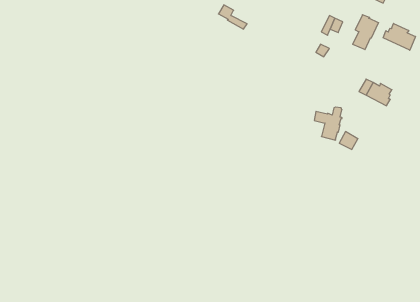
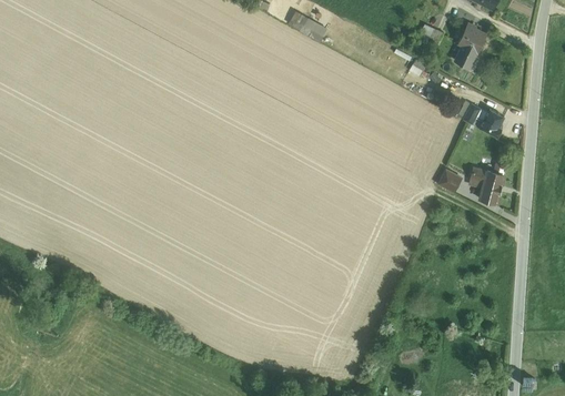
building: [383,23,415,50] -> none
building: [314,107,342,140] -> [470,163,504,204]

